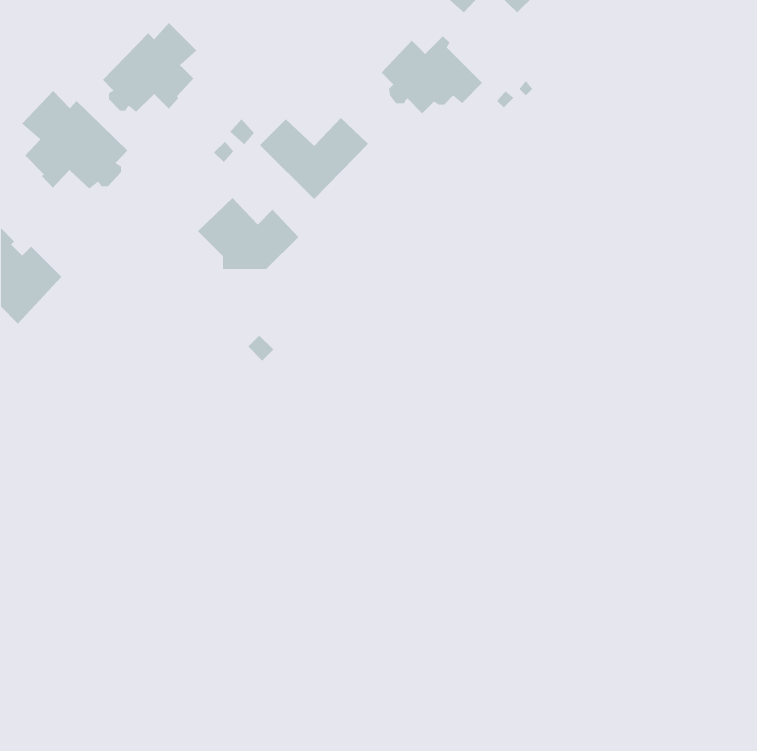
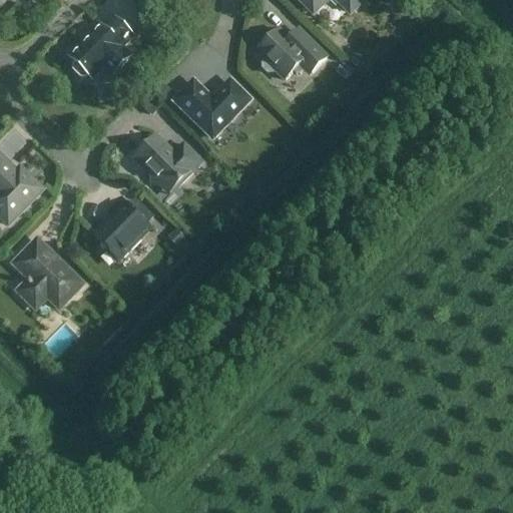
building: [21,90,128,190] -> none
building: none -> [94,198,149,259]
building: none -> [14,246,82,306]

